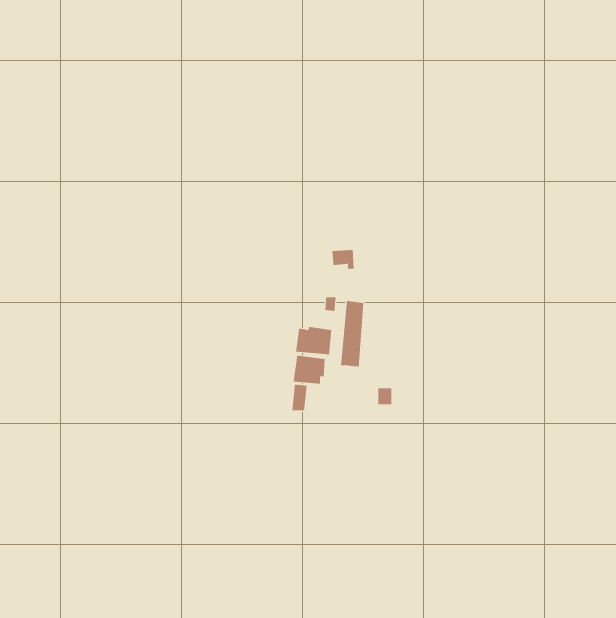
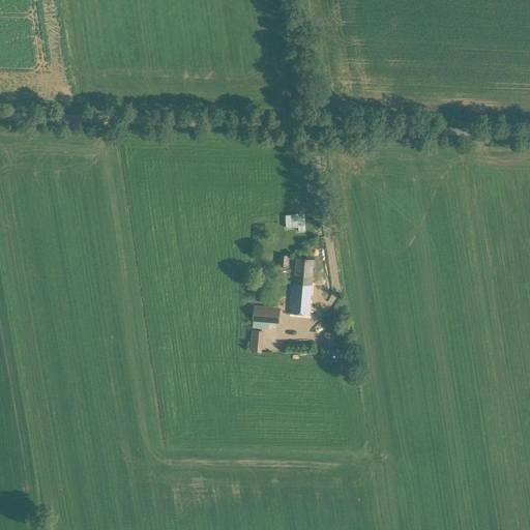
building: [295,326,332,355] -> none

